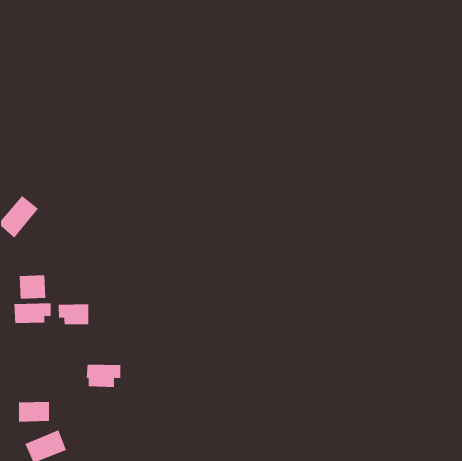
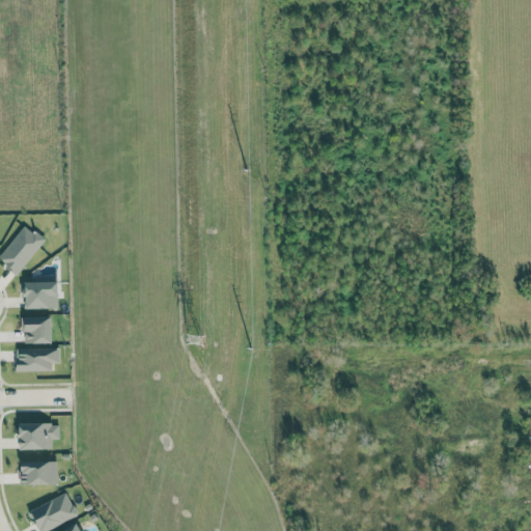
building: none -> [25,282,58,309]
building: [58,304,89,325] -> none
building: [86,364,121,388] -> [19,423,59,450]

